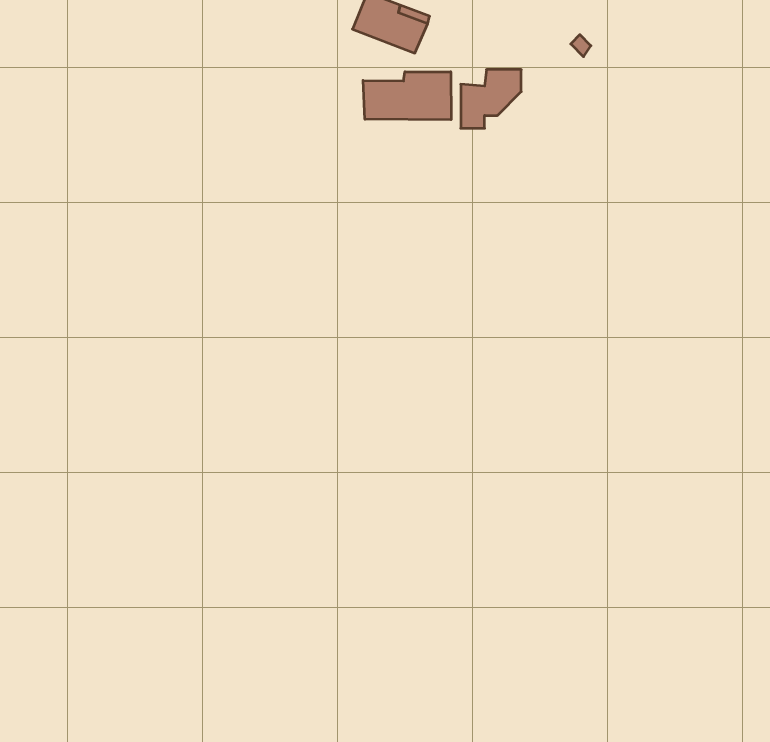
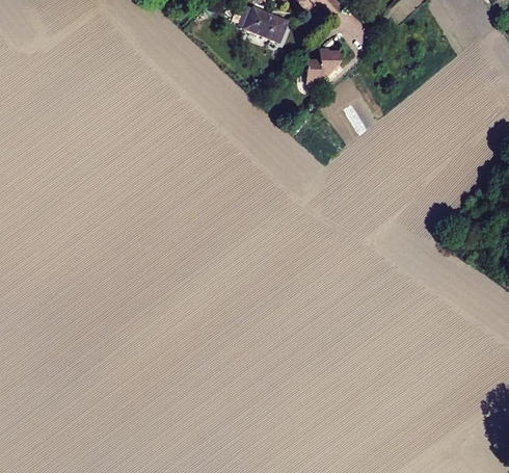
building: [363,72,451,120] -> none

